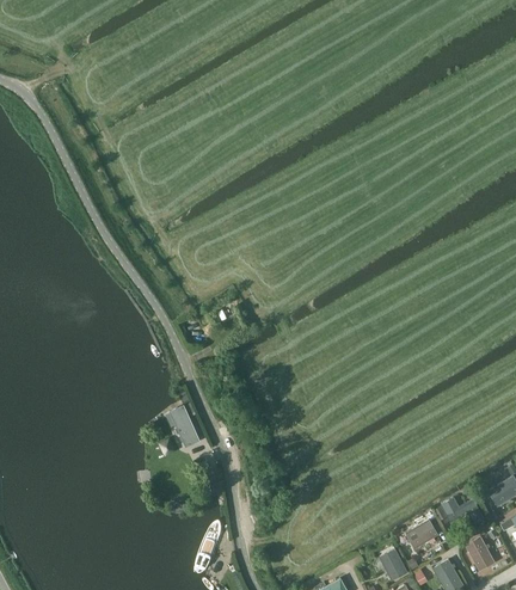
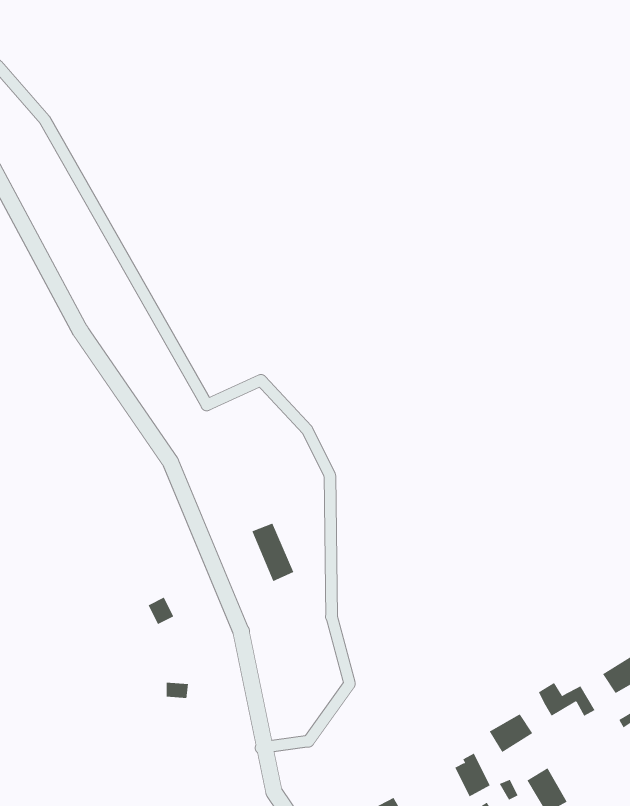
building: [168,404,199,447] -> [251,523,294,582]
building: [465,536,494,570] -> none

